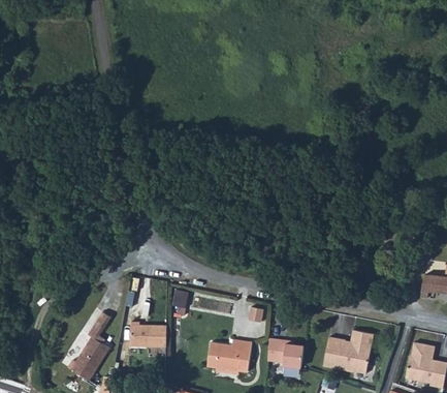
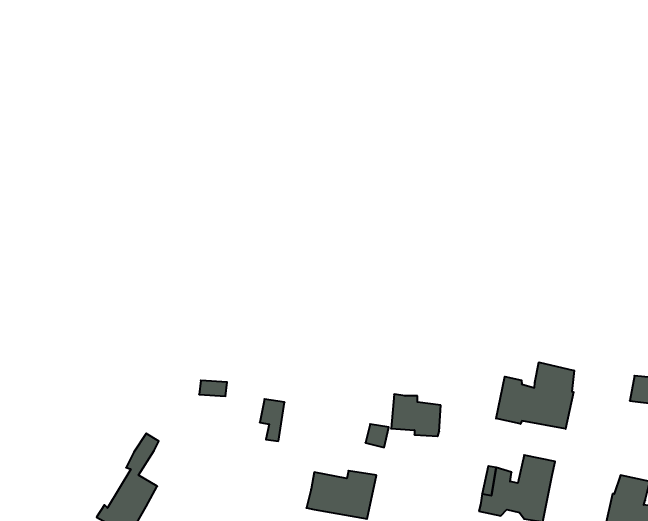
building: none -> [496,362,574,429]
building: [130,324,167,349] -> none
building: [266,339,299,367] -> [391,394,441,436]

